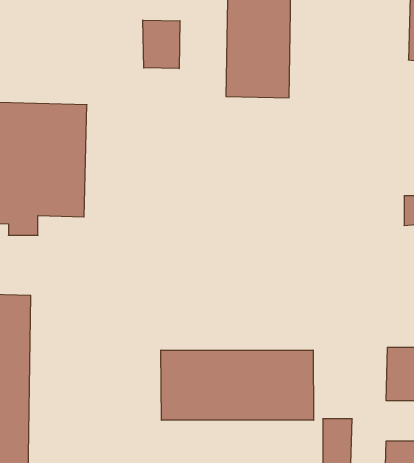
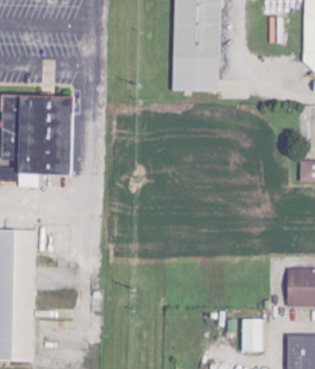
building: [143,20,180,69] -> none
building: [161,350,314,420] -> none

